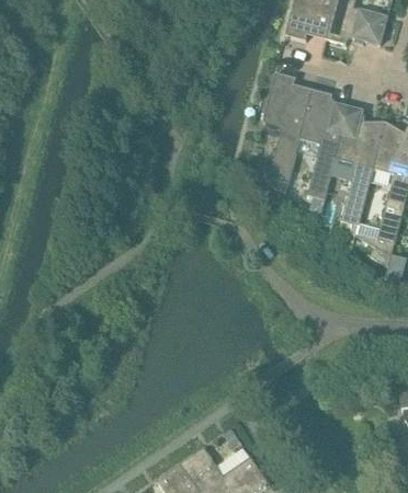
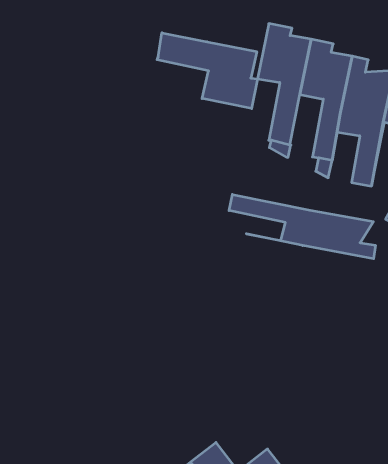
building: none -> [157,33,258,109]
building: none -> [229,194,375,259]

